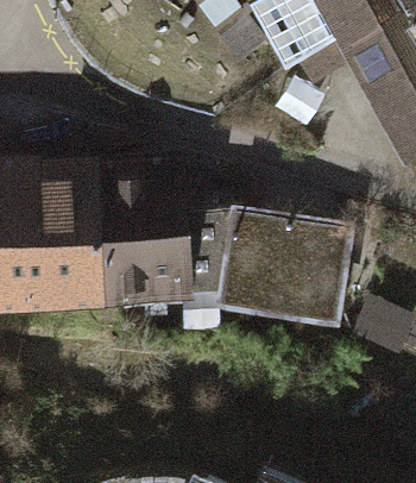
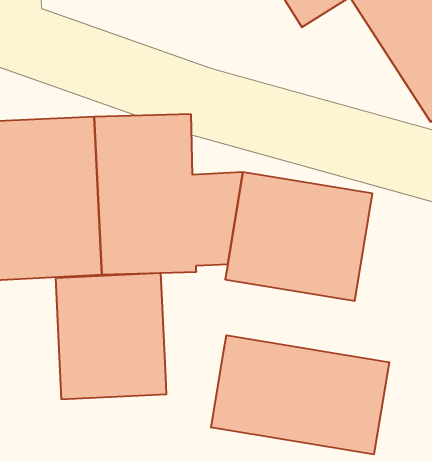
building: none -> [56,273,166,399]
building: none -> [211,335,389,454]

